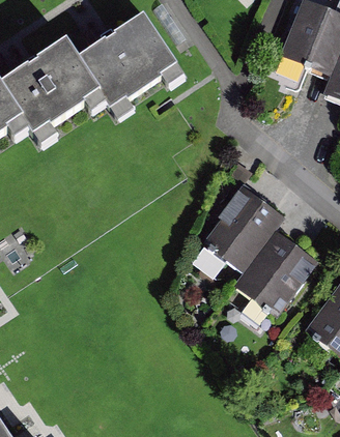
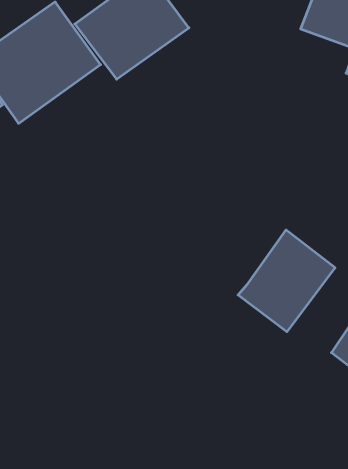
building: [202,186,280,269] -> none

